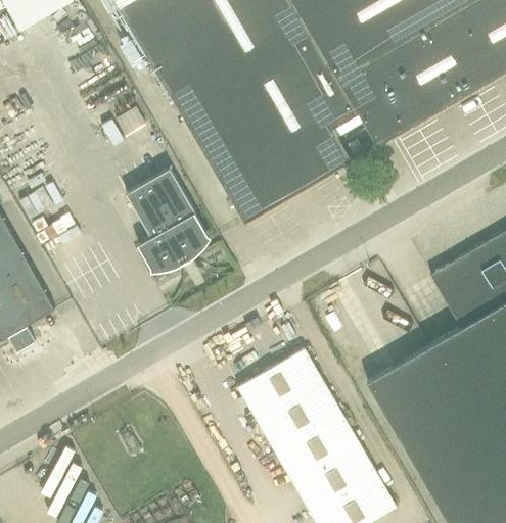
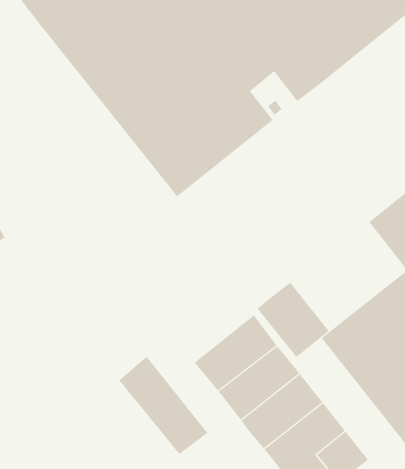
building: [126,169,212,272] -> none
building: none -> [257,282,329,358]
building: none -> [118,356,208,455]

